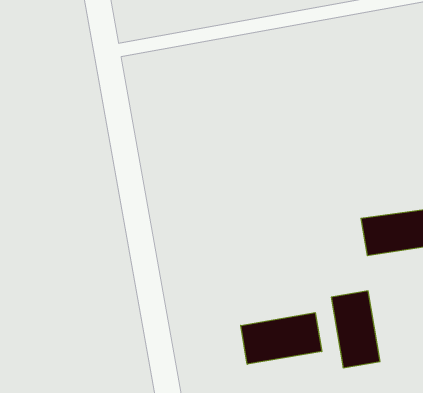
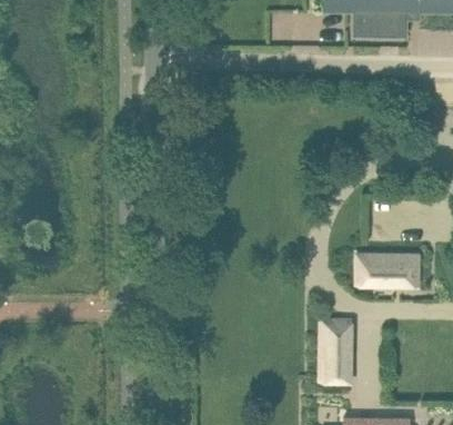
building: [241,313,322,364] -> none

